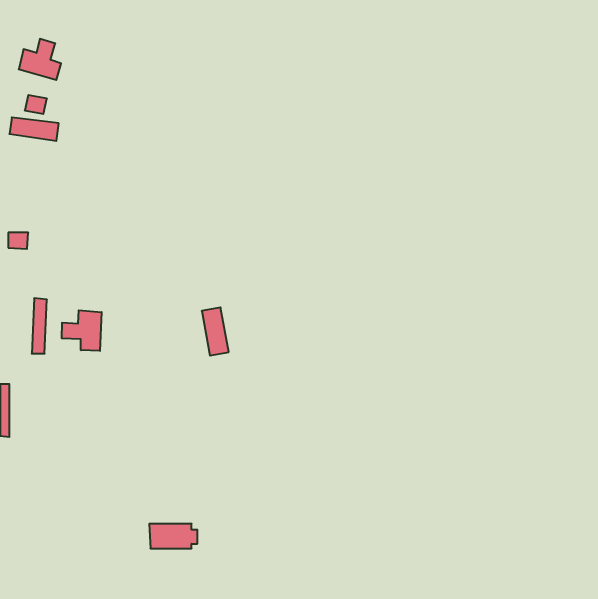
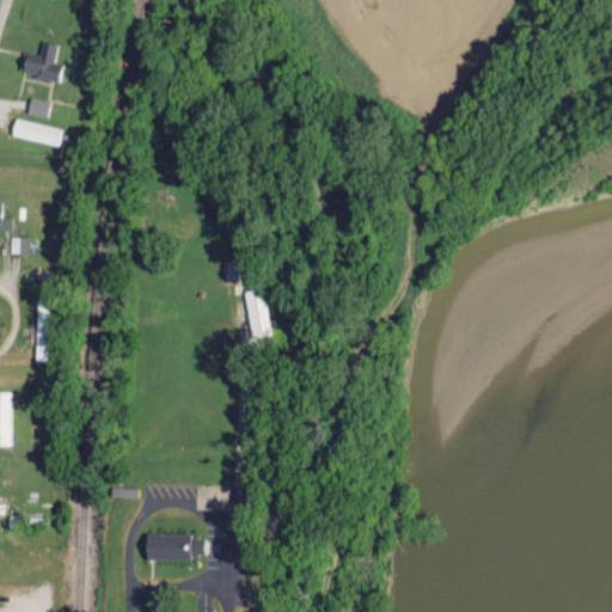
building: [202,307,229,356] -> [244,289,271,338]
building: [62,310,102,351] -> none

